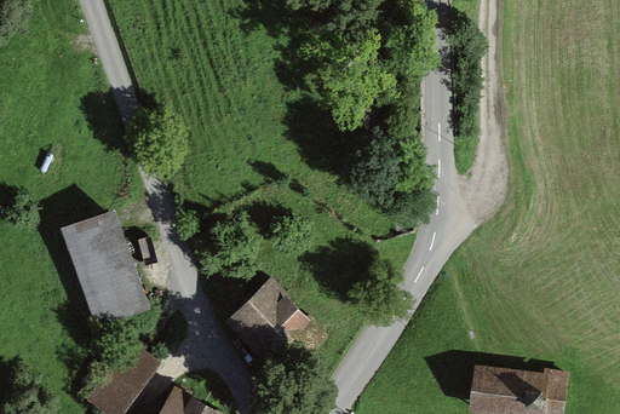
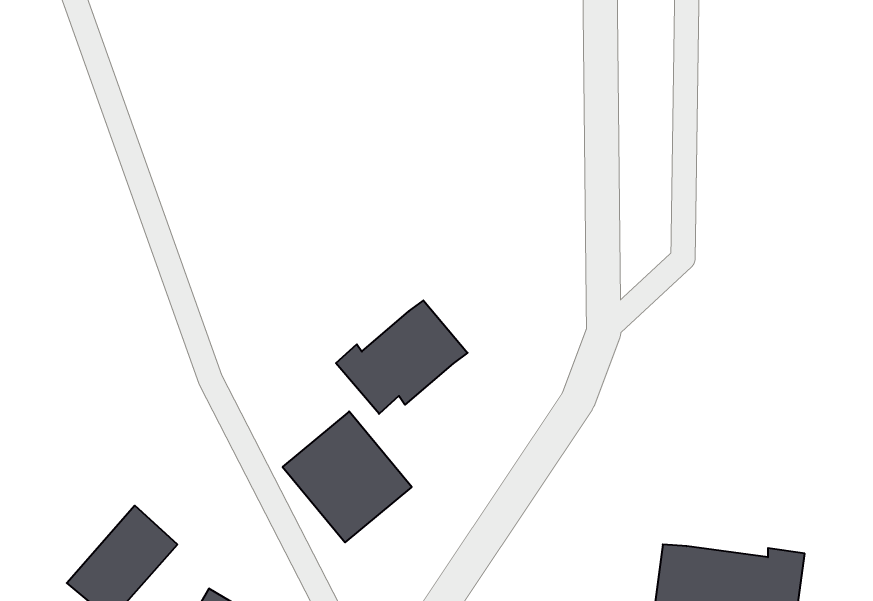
building: none -> [336,300,468,414]
building: [58,214,144,326] -> none

